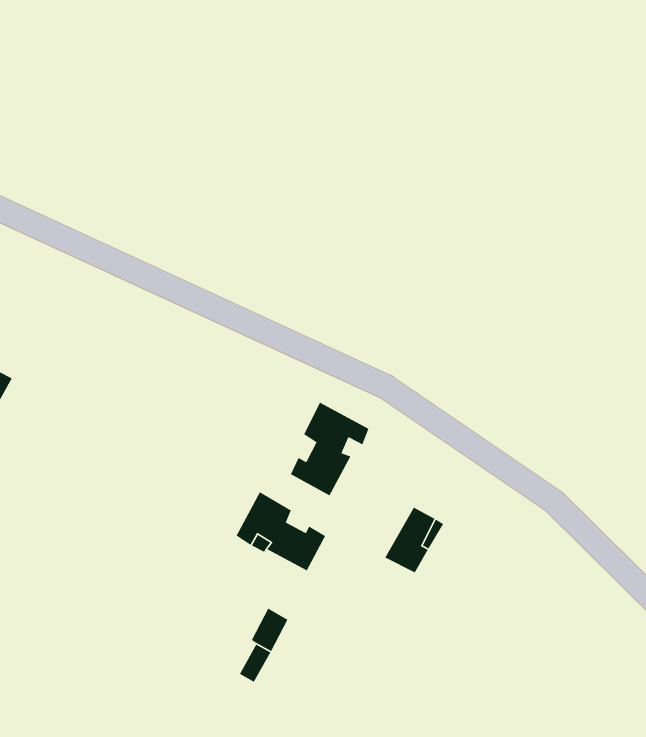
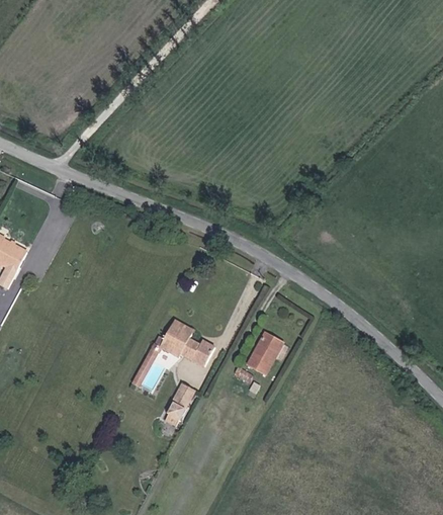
building: [290,402,370,497] -> none

